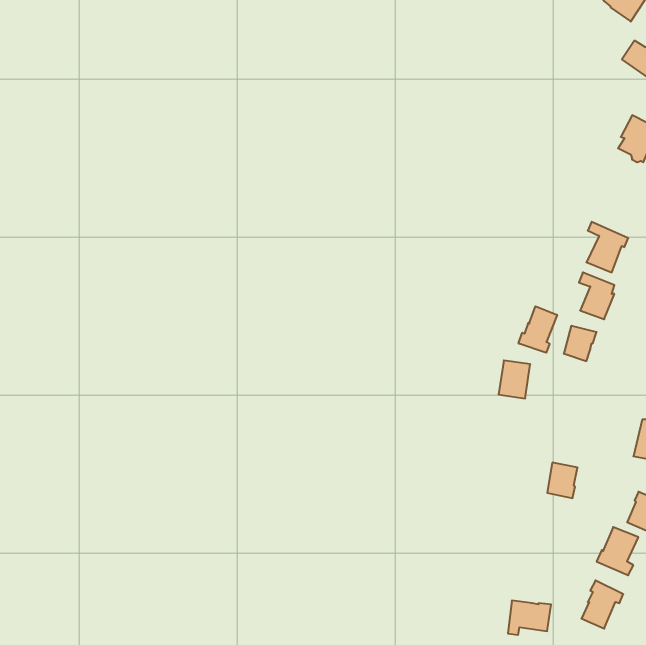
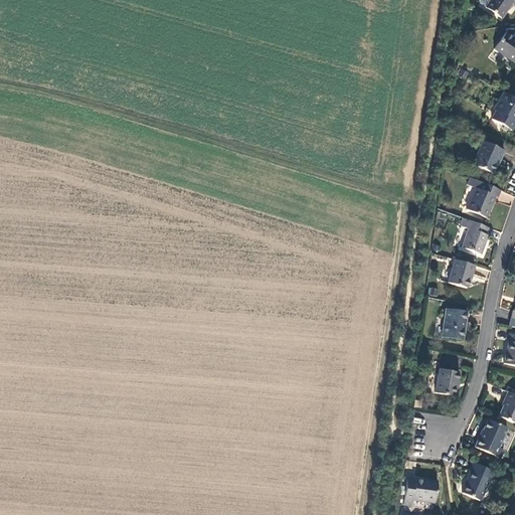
building: none -> [473,140,505,172]
building: [519,306,557,353] -> none
building: [499,360,530,398] -> [443,308,468,338]

